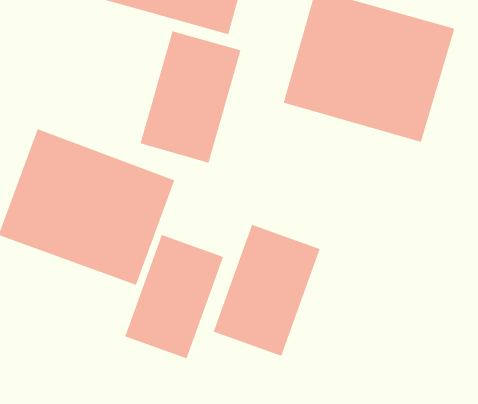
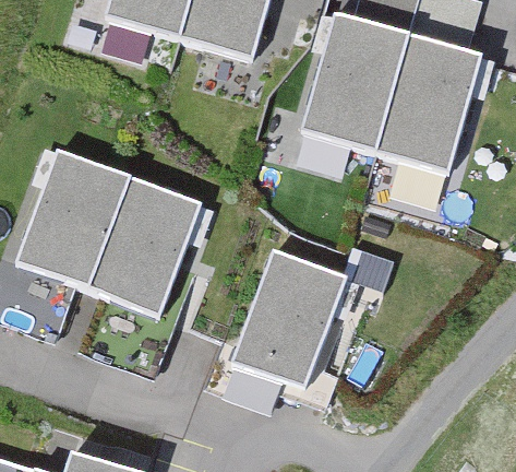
building: [140,30,241,163] -> none
building: [125,234,224,359] -> none

